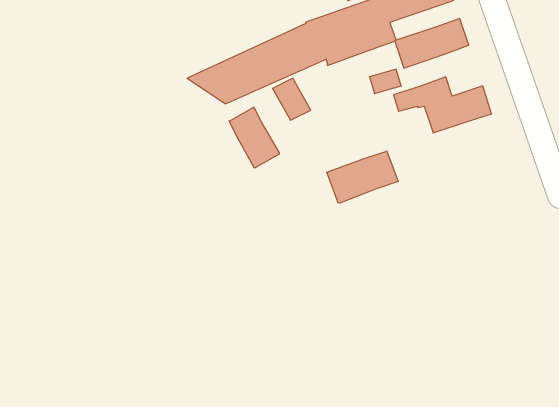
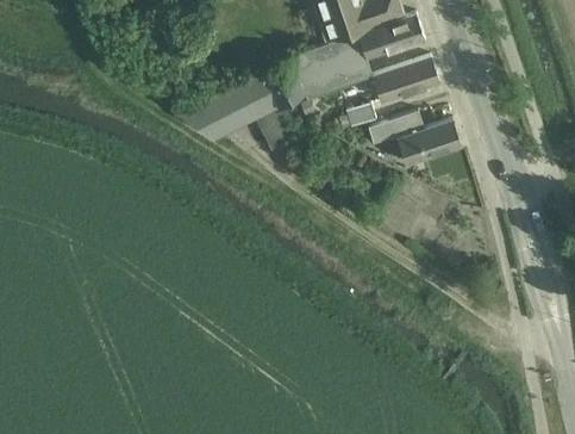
building: [229,107,279,168] -> none
building: [327,151,398,203] -> none

